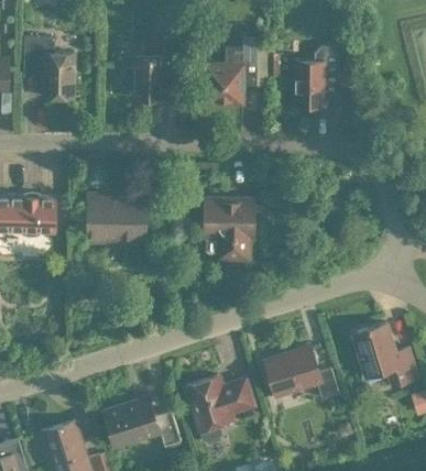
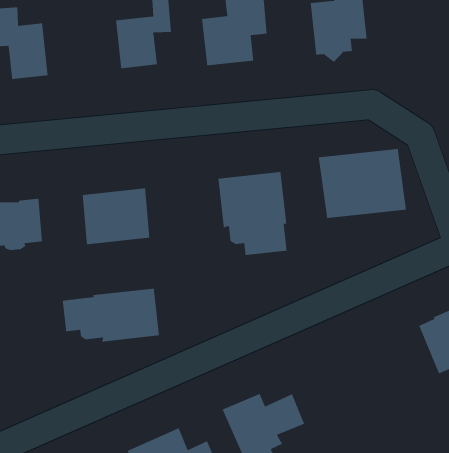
building: none -> [318,148,407,219]
building: none -> [62,288,160,342]
building: [265,347,340,399] -> none

